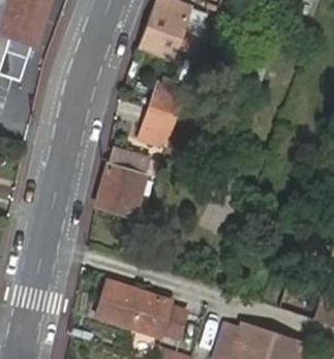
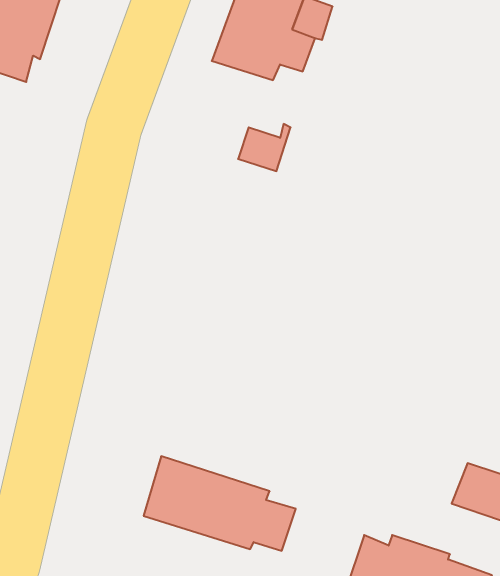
building: [144,103,177,143] -> none
building: [97,148,152,217] -> none

